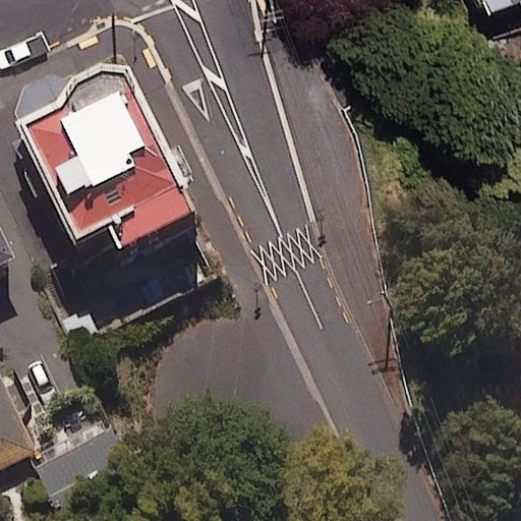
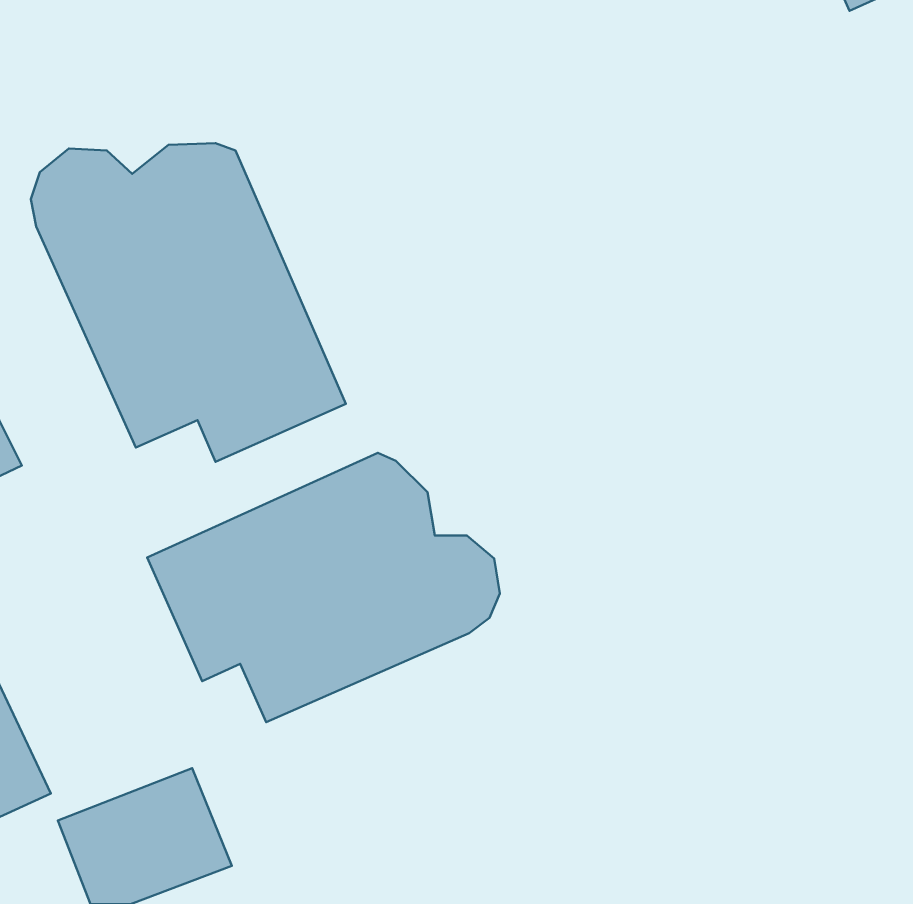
building: none -> [147,453,500,722]

